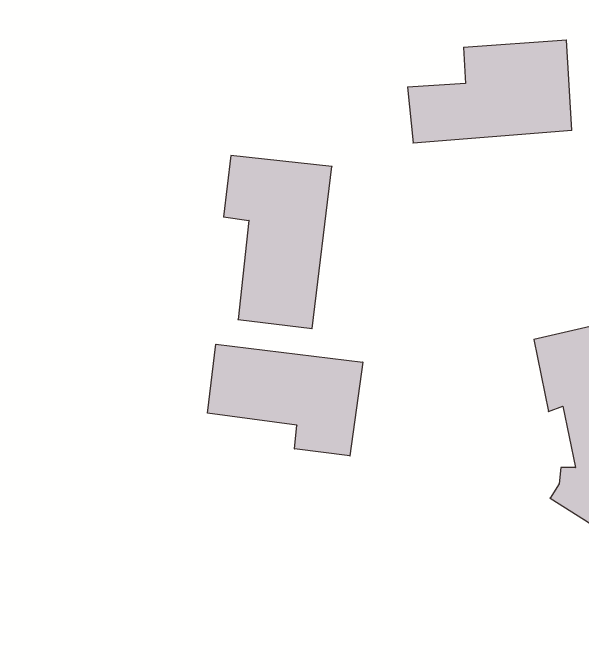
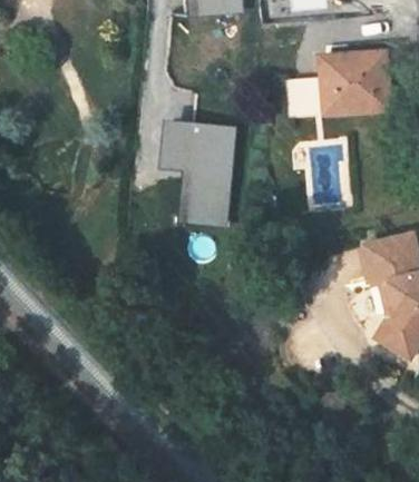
building: [208,344,363,456] -> none

